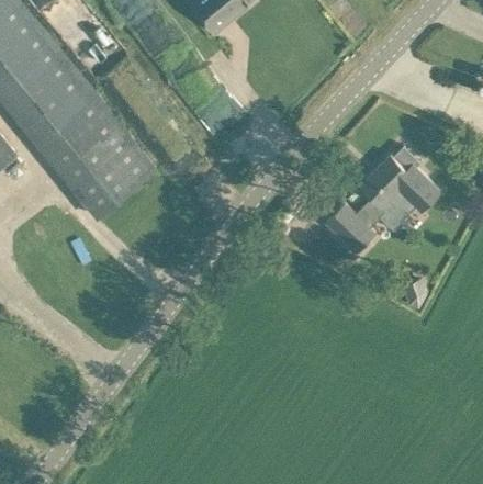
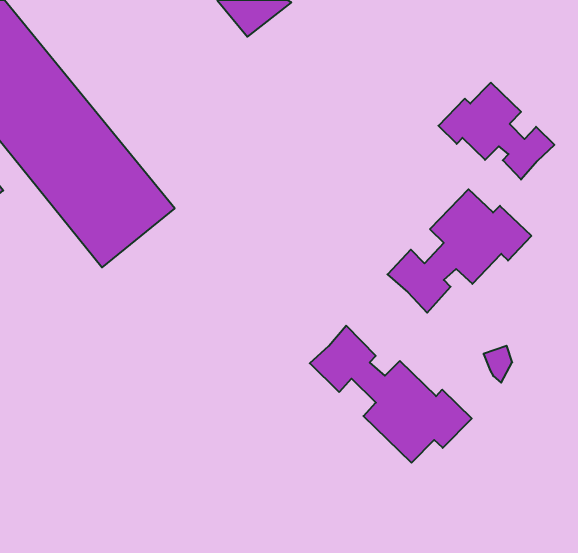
building: none -> [438,83,554,180]
building: none -> [310,326,472,463]

